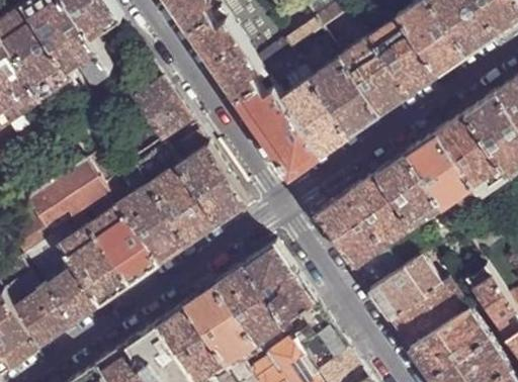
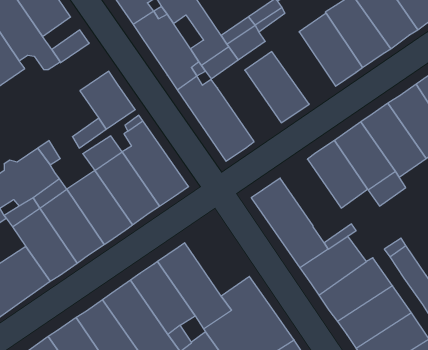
building: [337,38,406,116] -> none
building: [278,80,347,157] -> none
building: [346,176,412,249] -> none
building: [243,246,313,323] -> none

